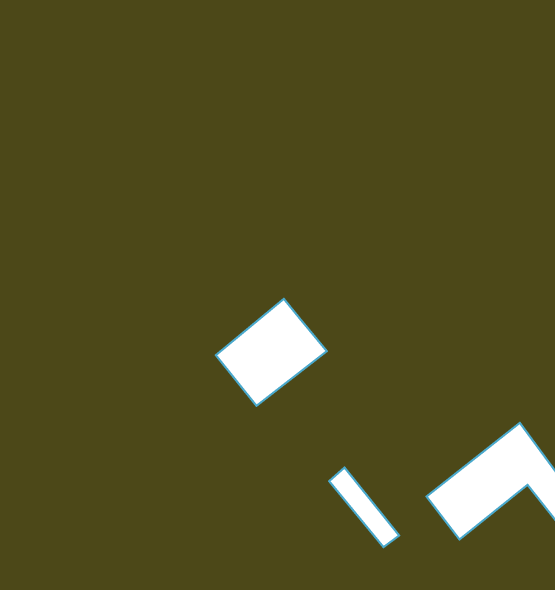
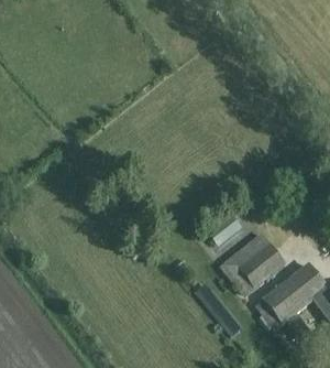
building: [216,299,327,406] -> [222,232,285,293]

